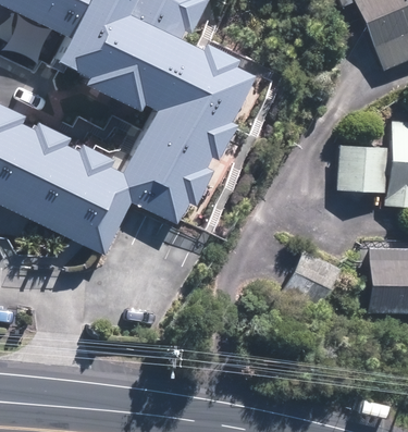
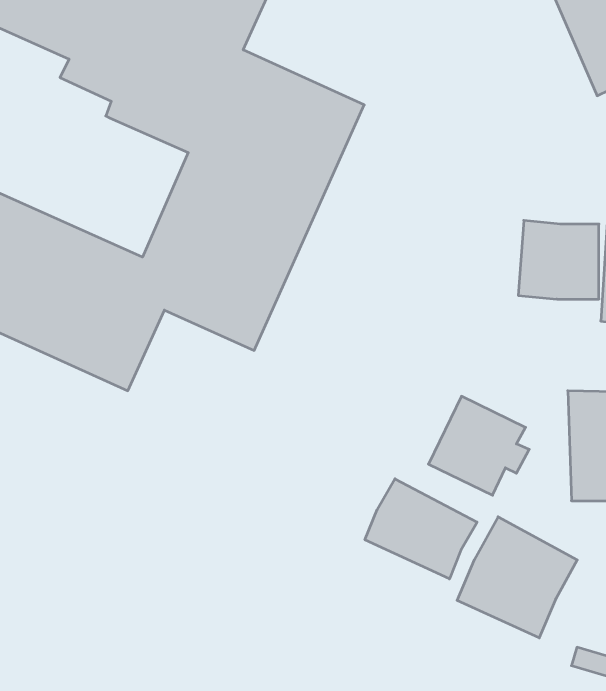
building: none -> [365,479,477,579]
building: none -> [457,517,577,638]

